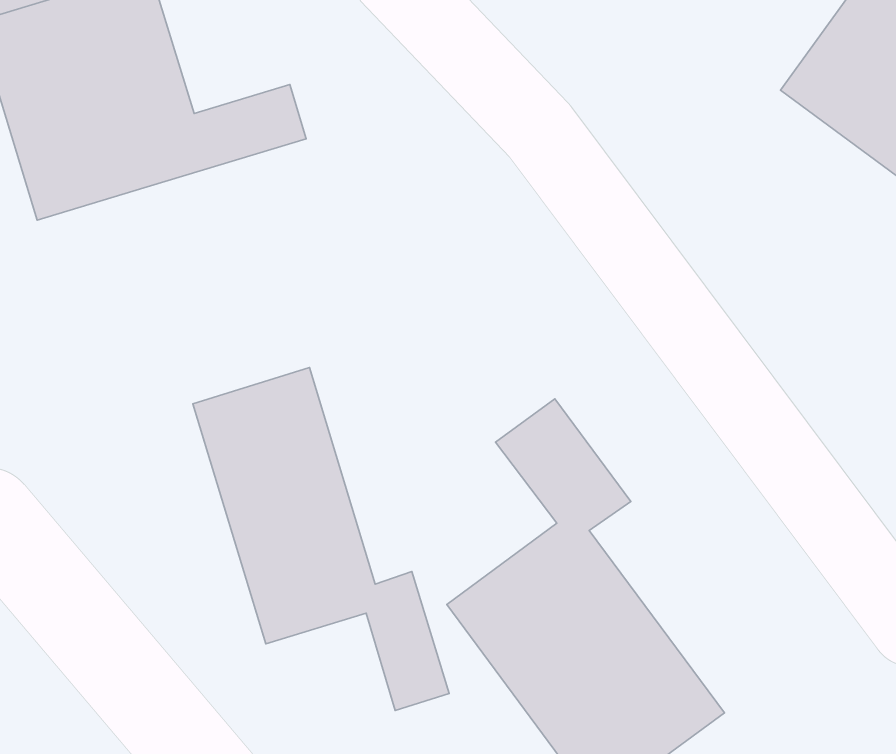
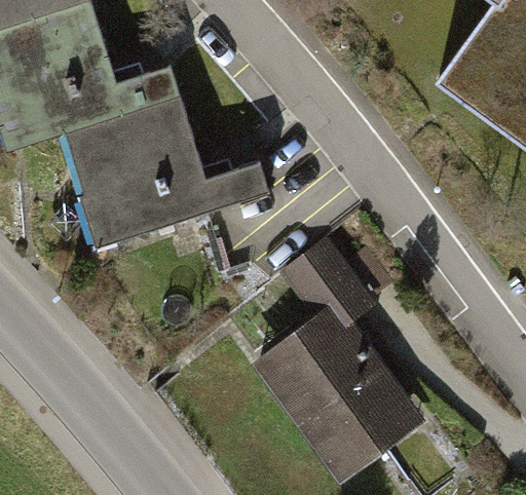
building: none -> [79,97,267,240]
building: [193,368,449,710] -> none

